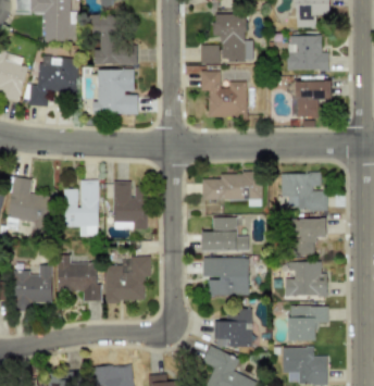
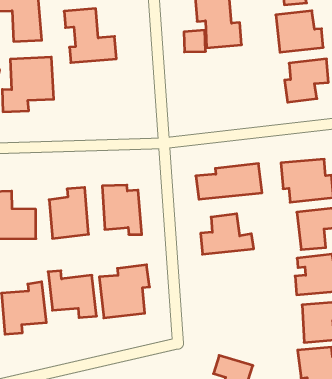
building: [94,69,138,114] -> none
building: [201,71,248,117] -> none
building: [203,257,250,296] -> none
building: [219,309,253,347] -> none

